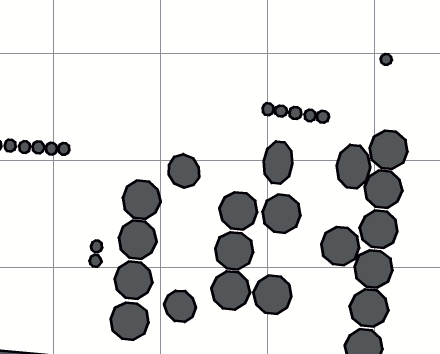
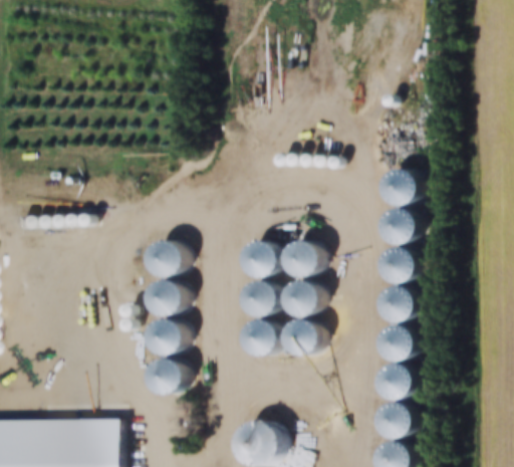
building: [264,141,292,184] -> none
building: [337,145,370,188] -> none
building: [169,154,199,188] -> none
building: [321,227,359,265] -> [283,282,320,318]
building: [164,291,196,322] -> none

